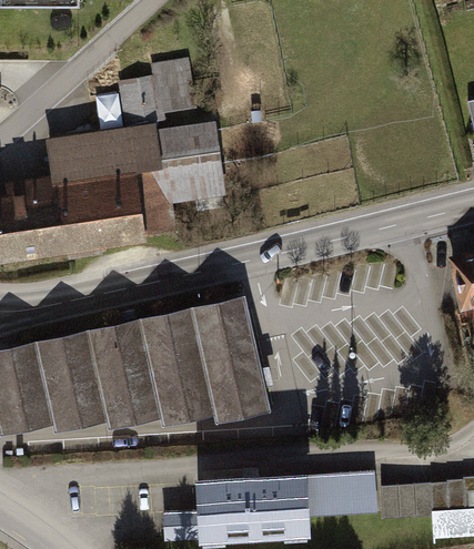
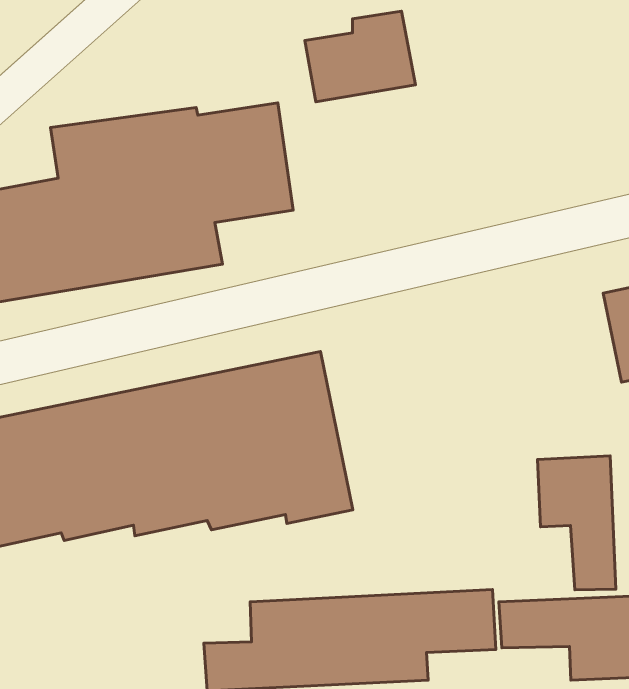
building: [113,59,193,124] -> [305,11,415,102]
building: none -> [538,456,616,590]

